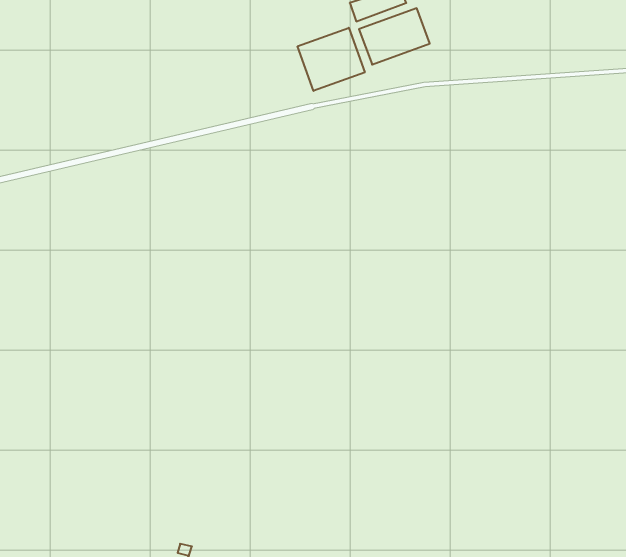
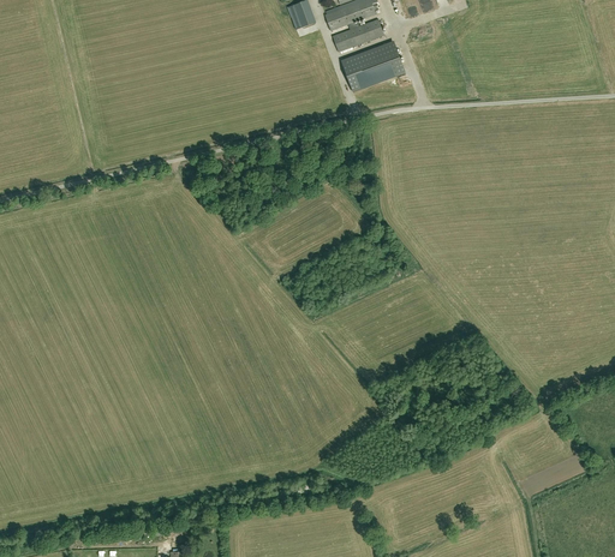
building: [298,28,365,91] -> none

